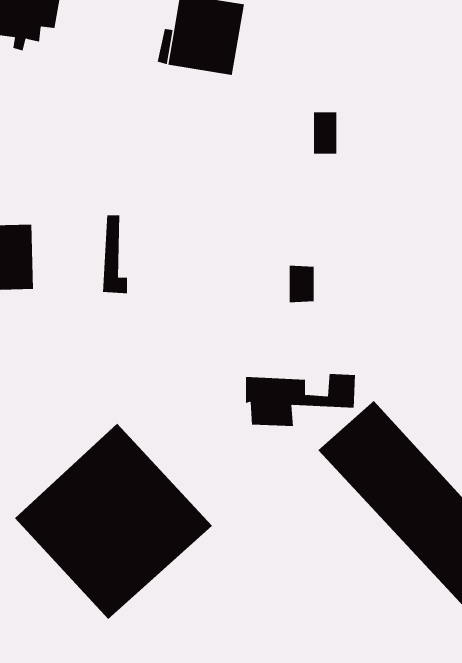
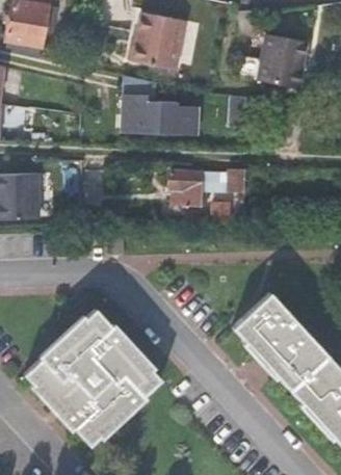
building: none -> [238,35,305,89]
building: none -> [123,95,199,137]
building: [245,373,356,426] -> [170,169,246,206]

